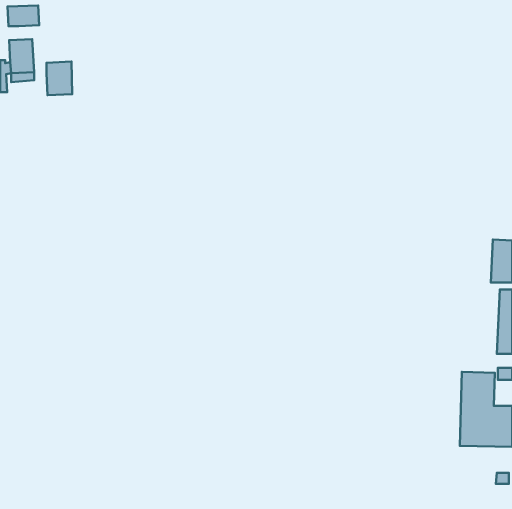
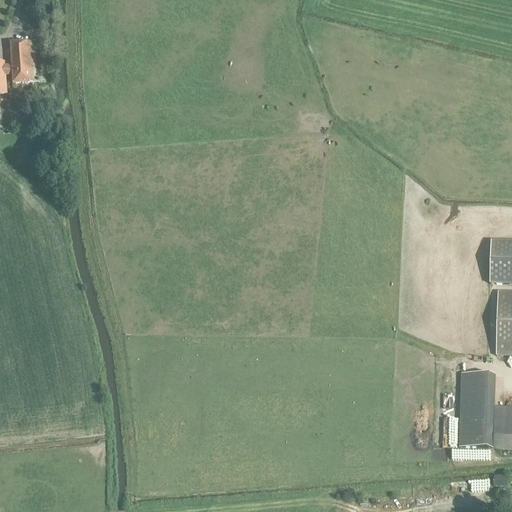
building: [7,6,39,26] -> none
building: [47,62,72,95] -> none

